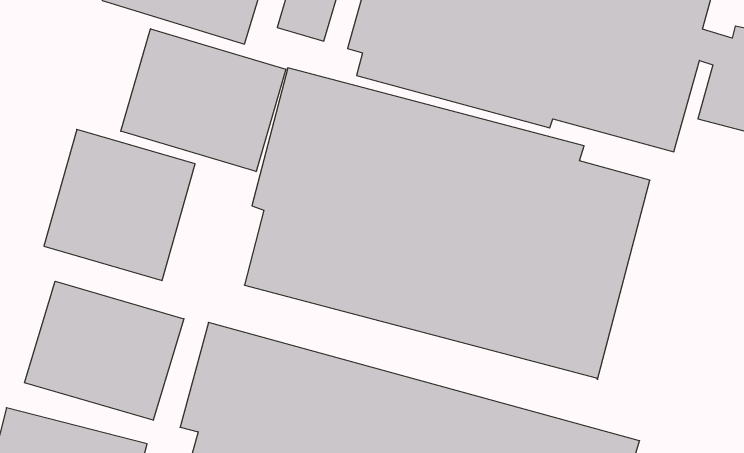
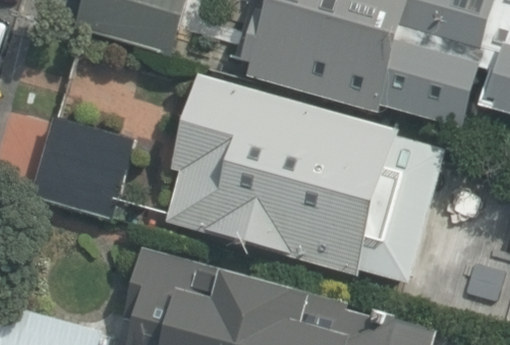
building: [121,29,286,172] -> none
building: [25,281,184,420] -> none

